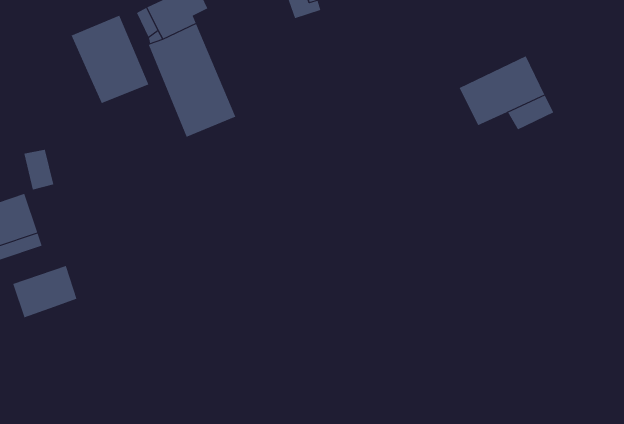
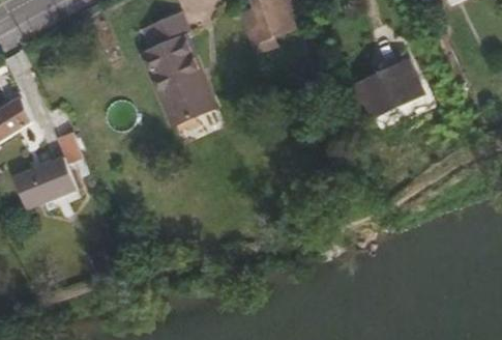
building: [71,15,149,104] -> none
building: [12,265,77,318] -> none

